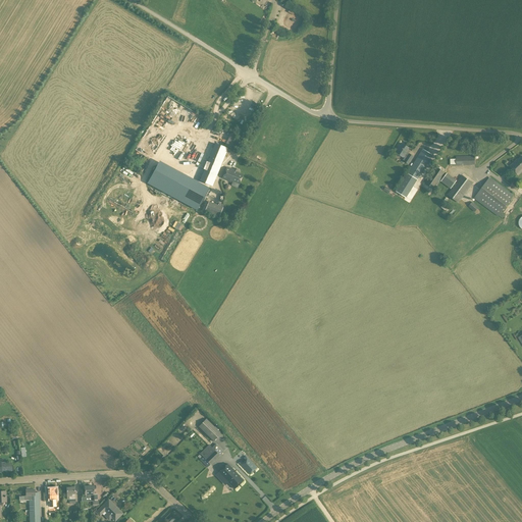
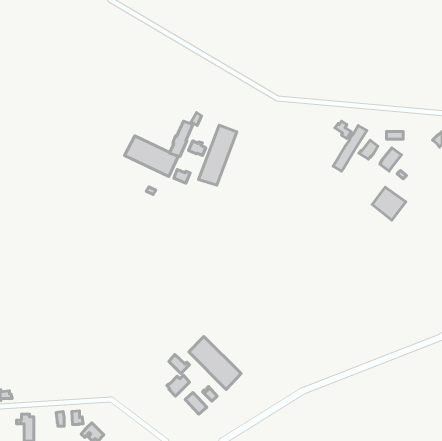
building: none -> [198,125,237,185]
building: [474,176,514,215] -> [372,187,406,220]
building: none -> [189,337,241,390]

